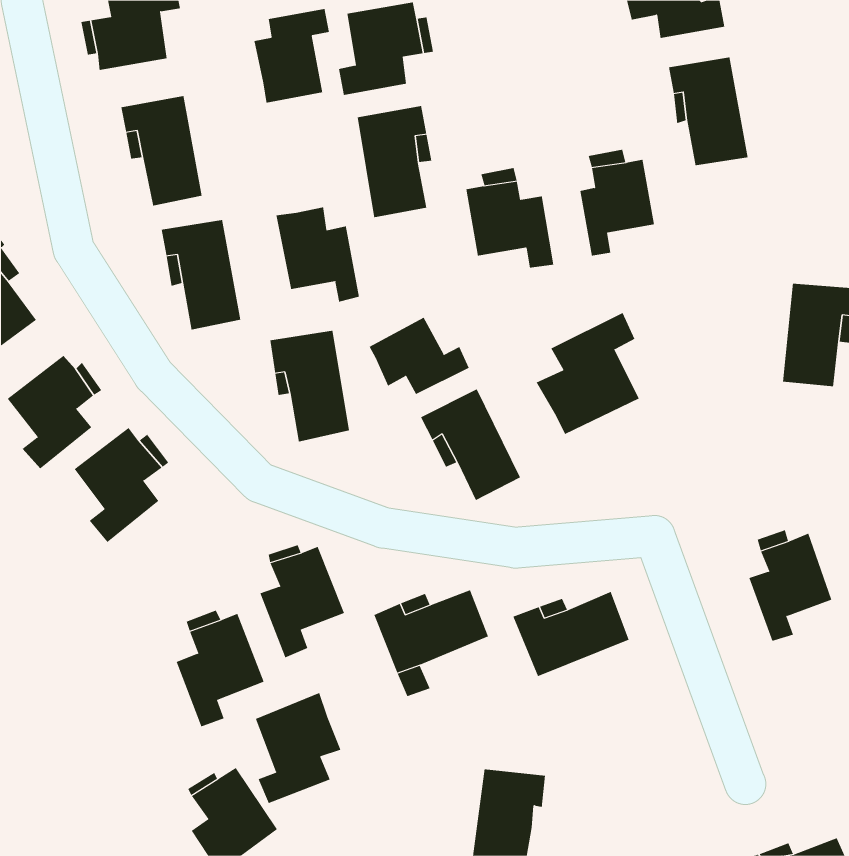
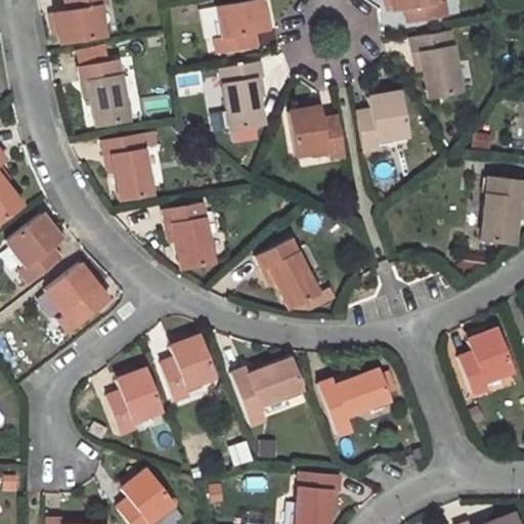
building: [254,8,329,103] -> none
building: [276,207,359,302] -> none
building: [536,312,640,435] -> none
building: [369,317,470,395] -> none
building: [255,692,341,804] -> none

